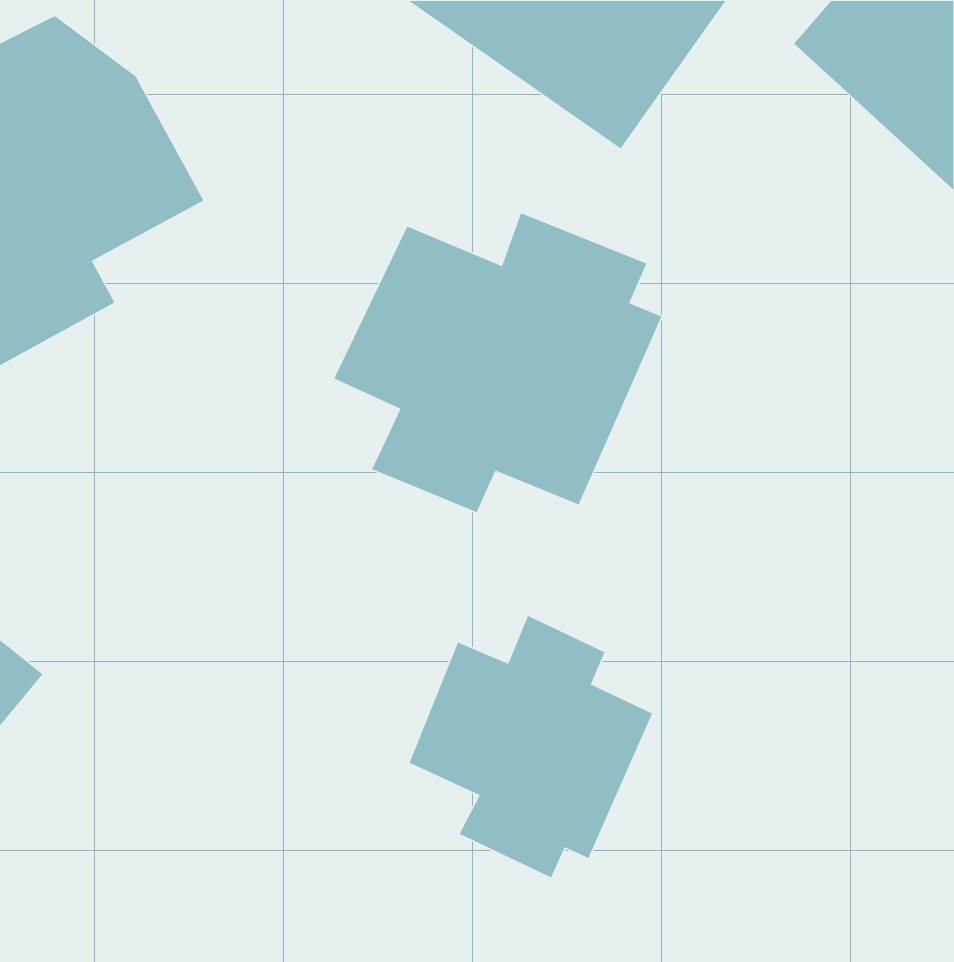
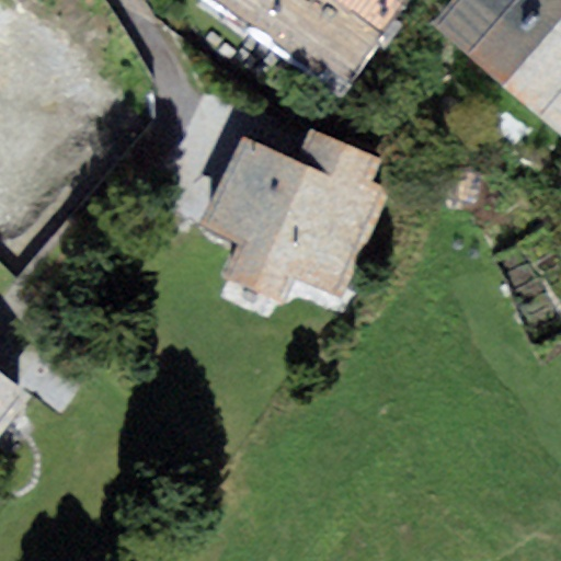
building: [409,615,653,878] -> none

